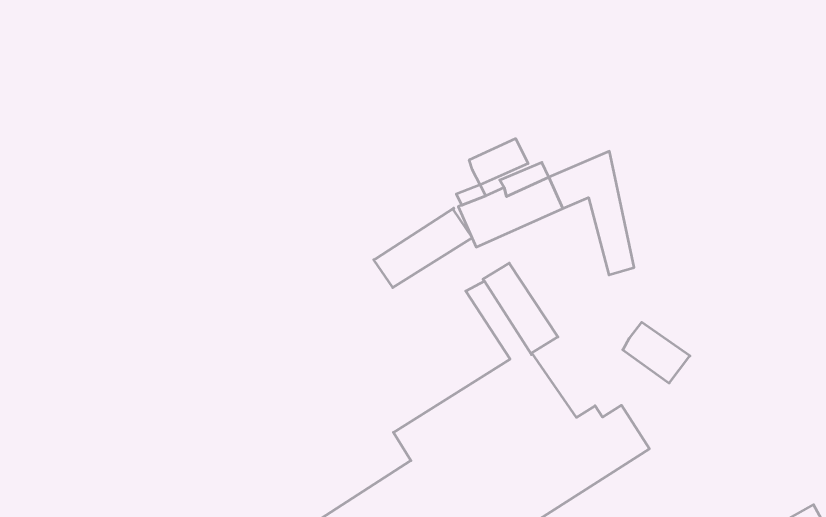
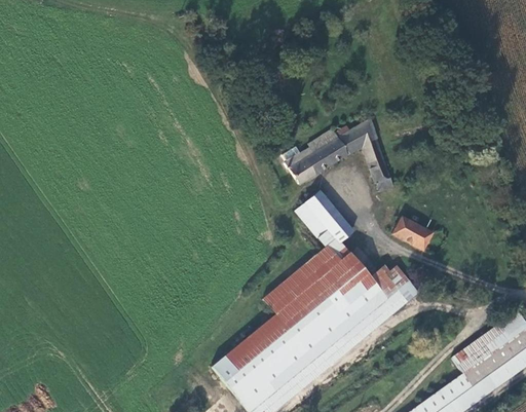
building: [469,139,528,185] -> none
building: [374,208,472,288] -> none

